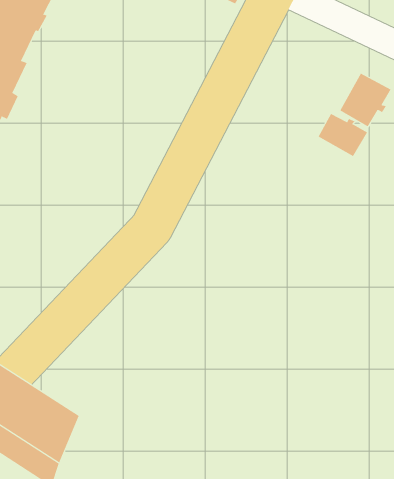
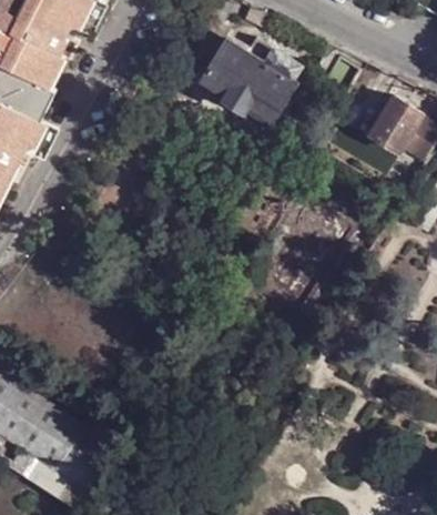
building: none -> [199,39,296,122]
building: [318,113,368,157] -> none

